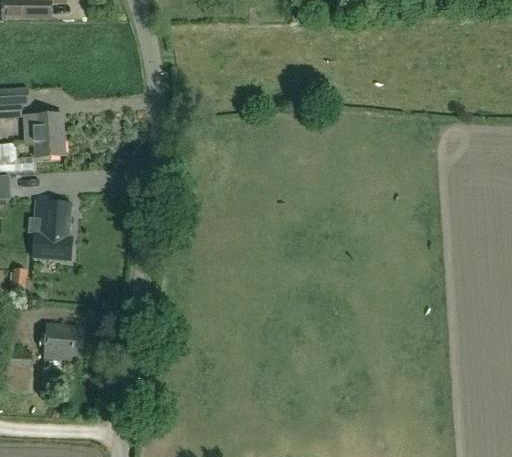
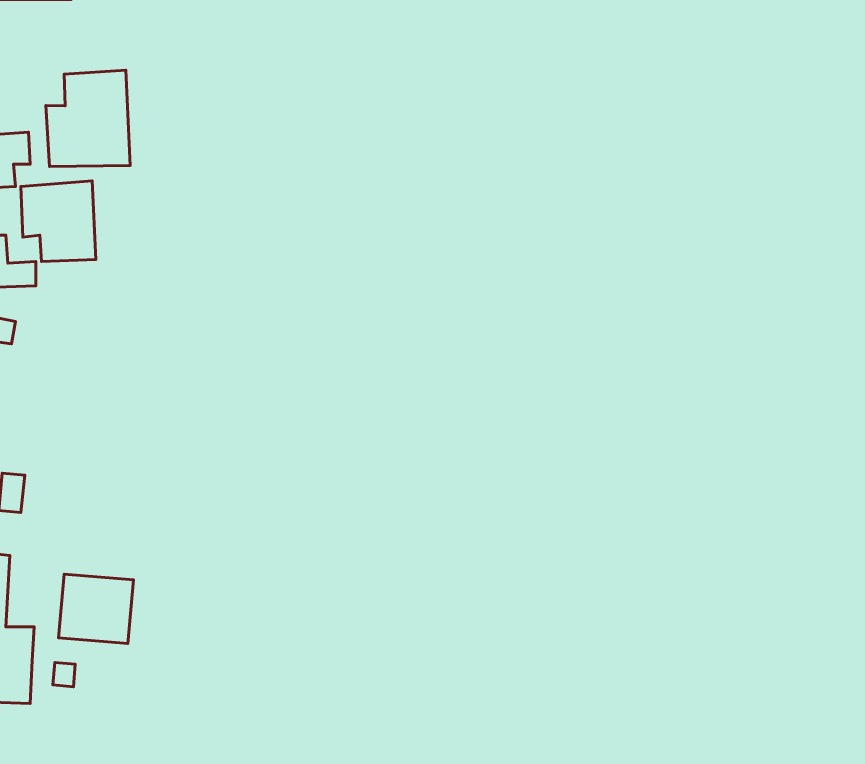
building: none -> [46,70,130,167]
building: [16,198,71,259] -> none

